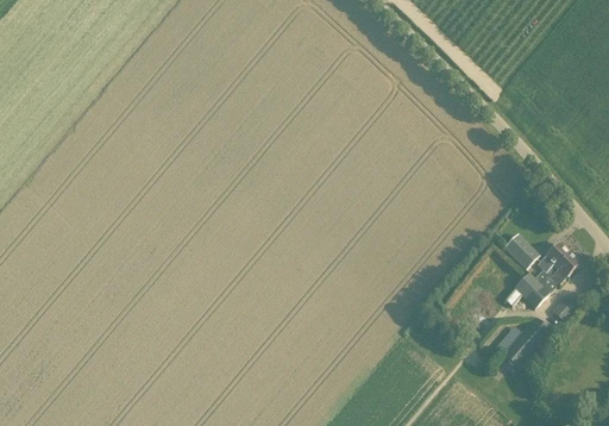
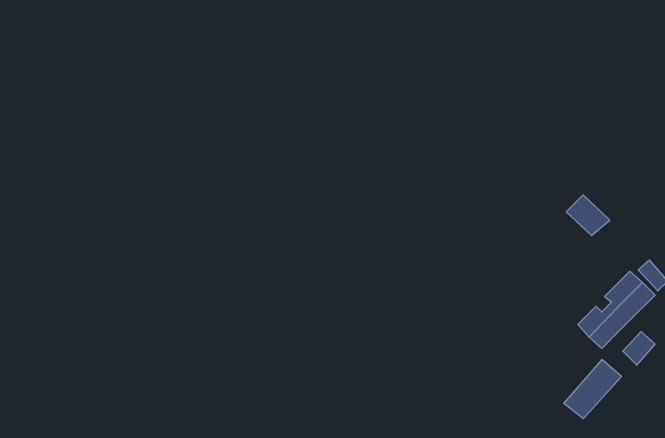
building: [501,234,538,269] -> [566,195,610,236]

